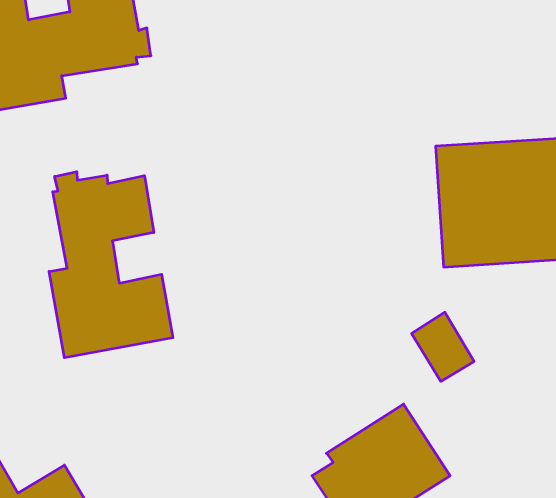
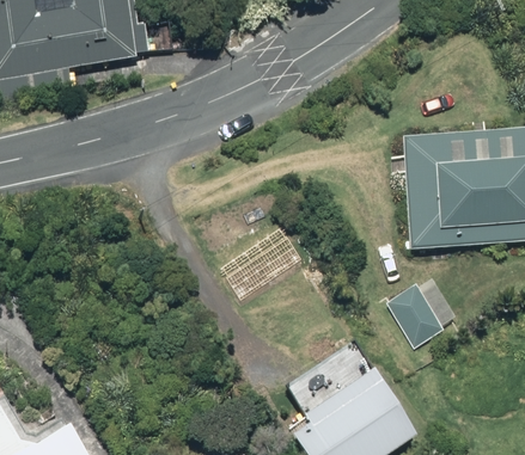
building: [49,172,173,358] -> none

